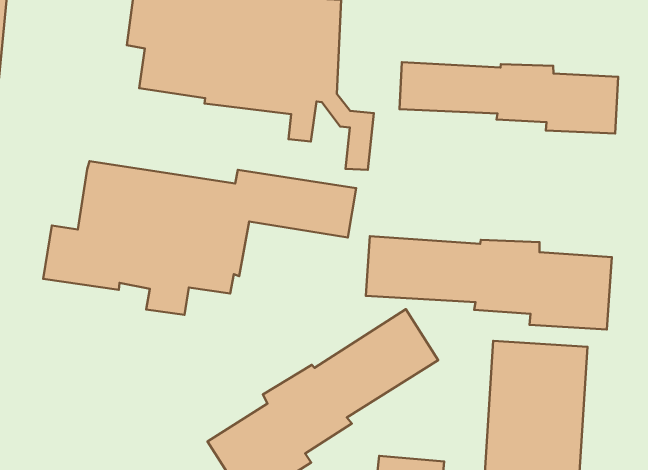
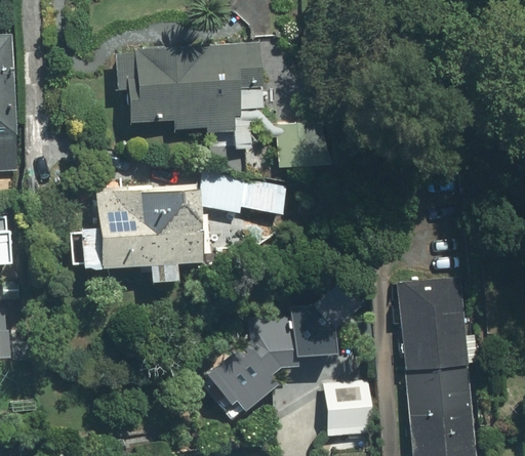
building: [400,62,618,134] -> none
building: [366,236,612,329] -> none

